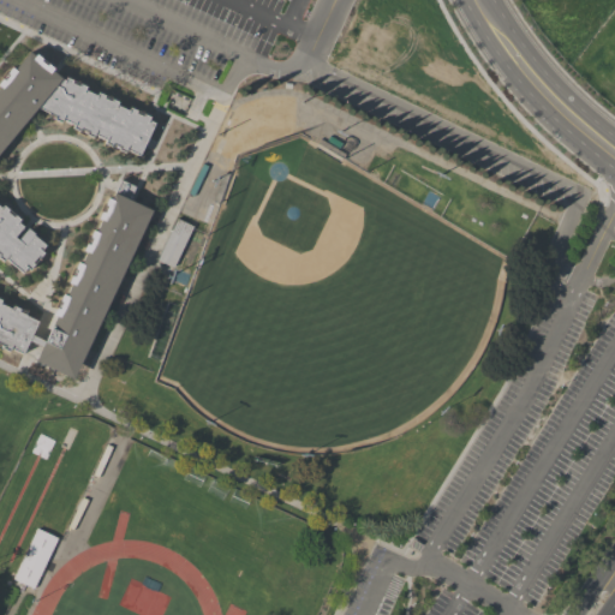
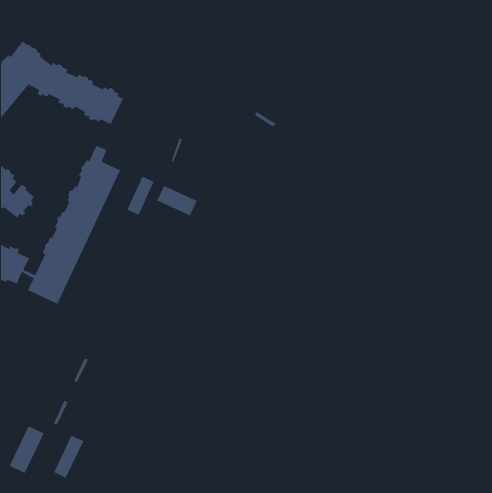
building: none -> [157,185,197,216]
building: none -> [53,435,84,479]

